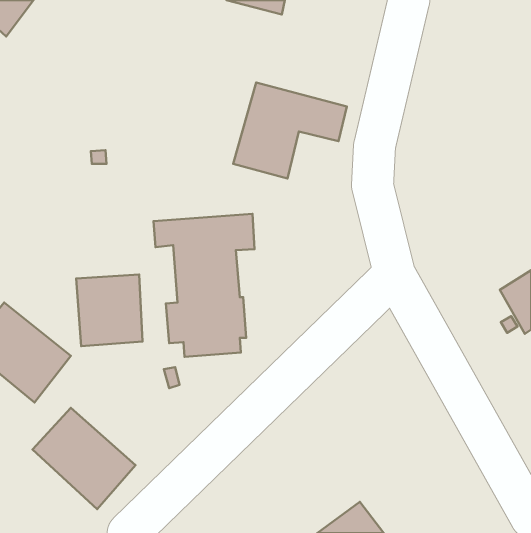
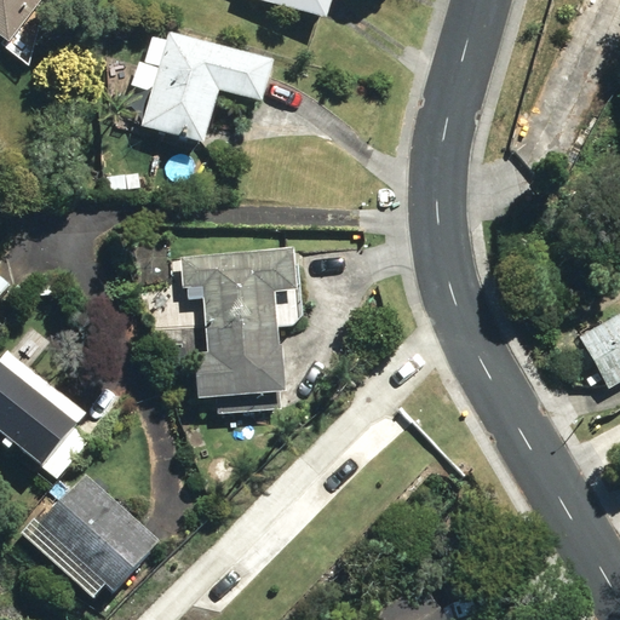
building: [233,83,347,179] -> [140,31,272,143]
building: [76,275,143,346] -> none

